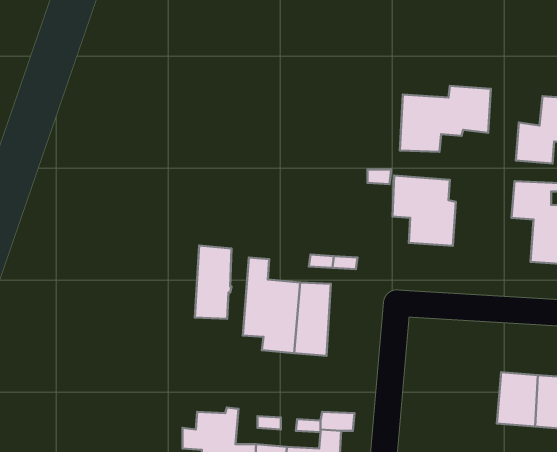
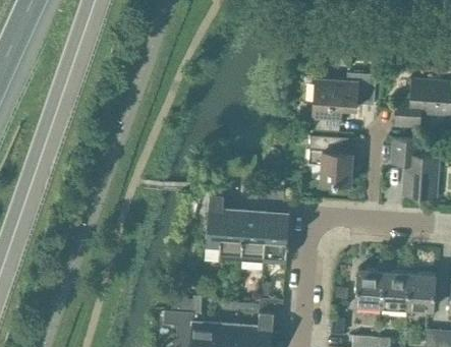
building: [195,245,232,319] -> [263,211,288,262]
building: none -> [355,270,384,307]

